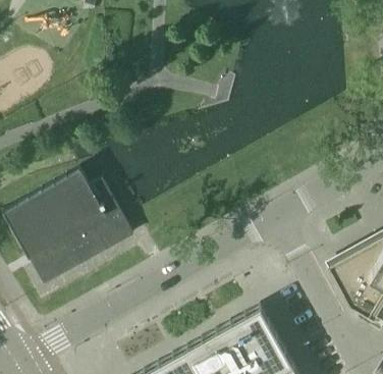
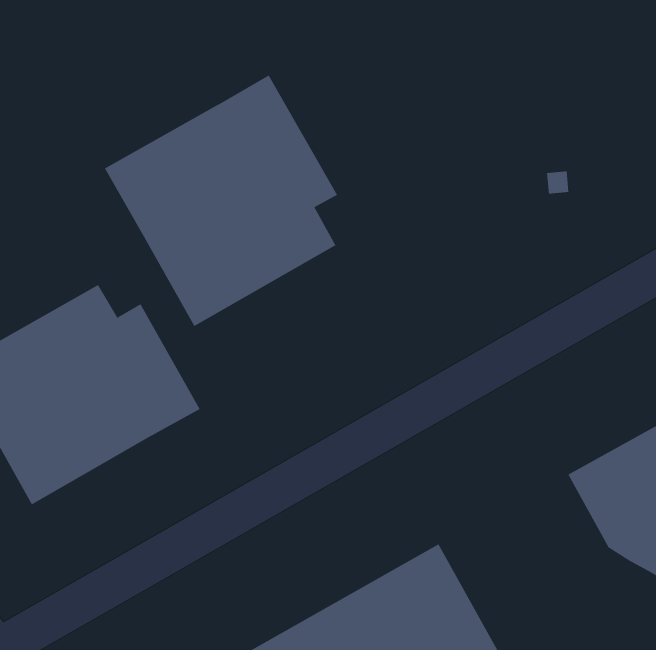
building: none -> [104,74,338,327]

